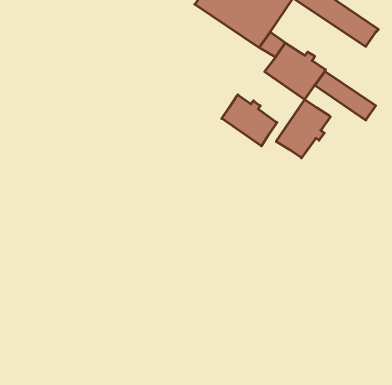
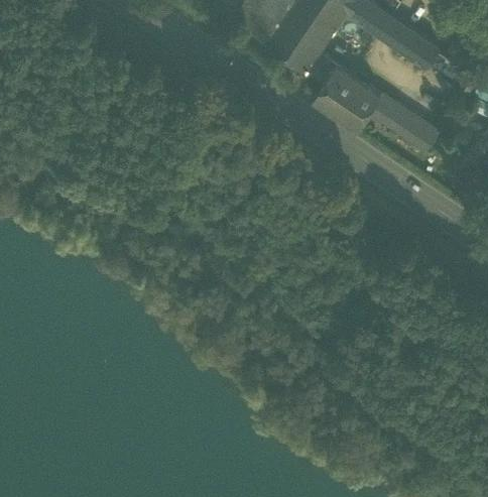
building: [222,95,277,146] -> none
building: [276,99,330,158] -> none

